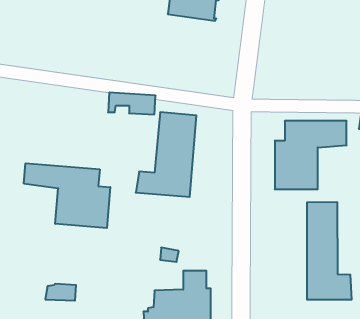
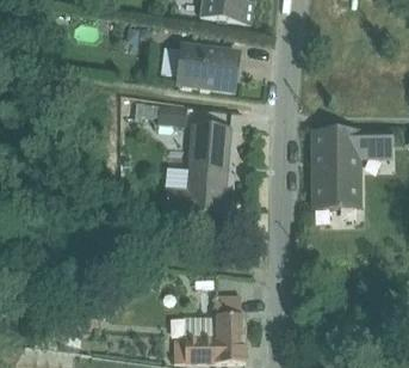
building: none -> [159,42,237,91]
building: [24,163,110,228] -> none
building: [307,202,352,300] -> none

